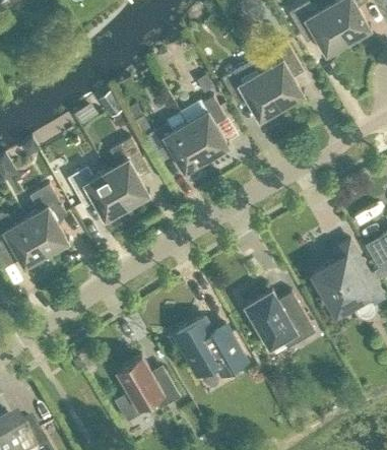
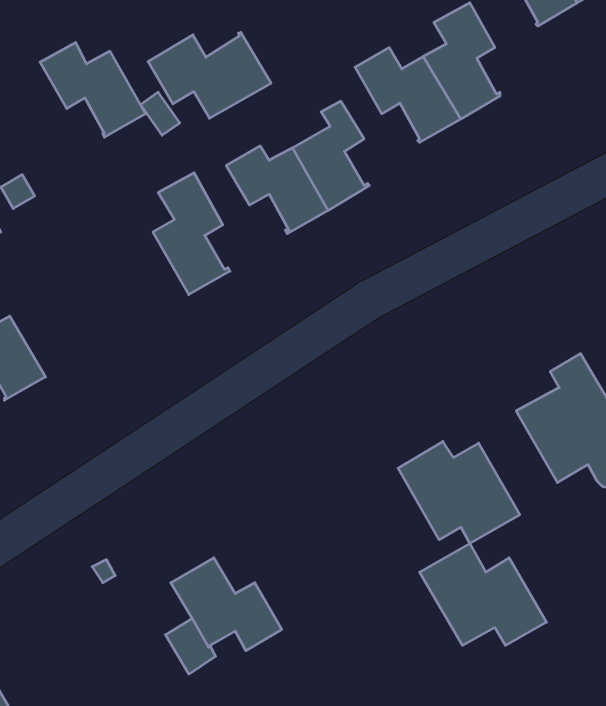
building: none -> [148,32,271,118]
building: [67,167,127,220] -> [40,42,146,137]
building: [25,185,69,254] -> none
building: [174,317,246,375] -> [420,543,547,645]

